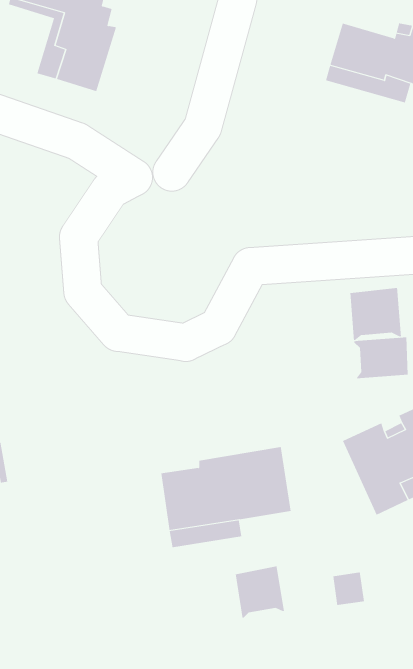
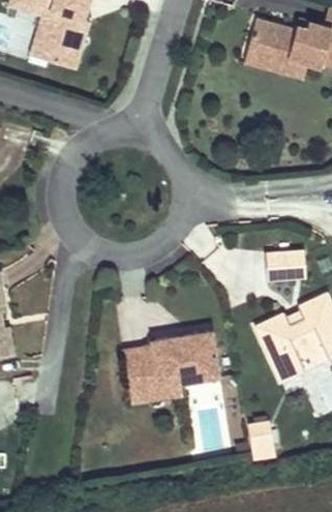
building: [350,287,401,341] -> none
building: [235,566,284,619] -> none

